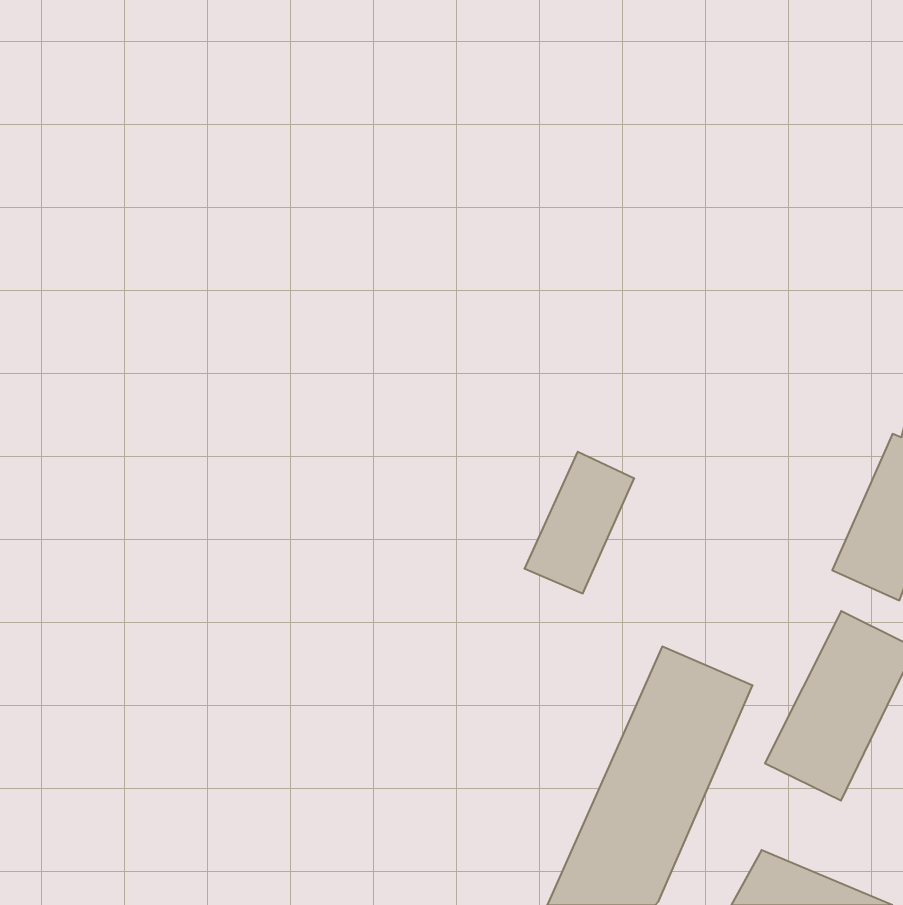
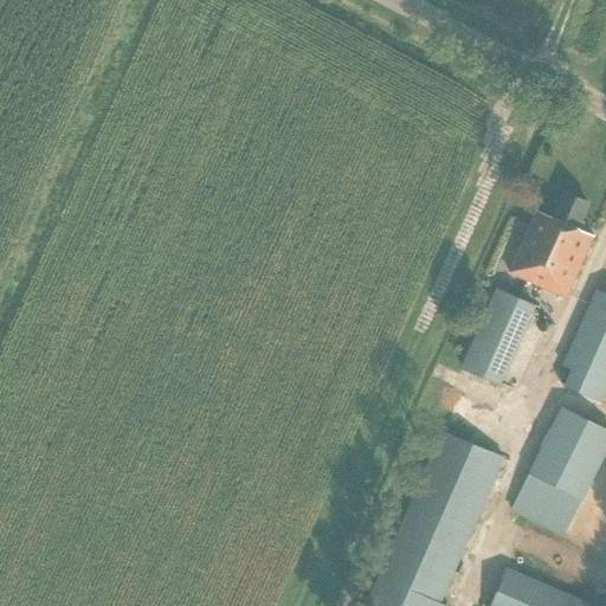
building: none -> [511,194,594,297]
building: [524,452,634,593] -> [463,289,536,383]

